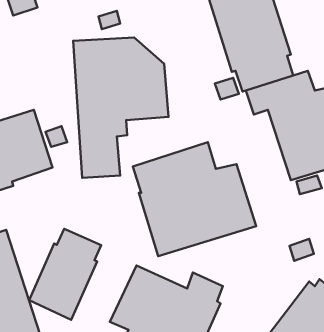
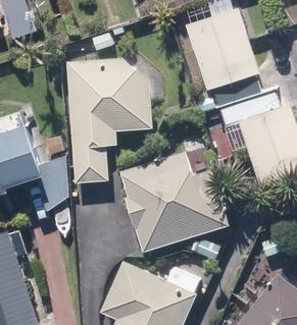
building: [29,229,101,320] -> none

